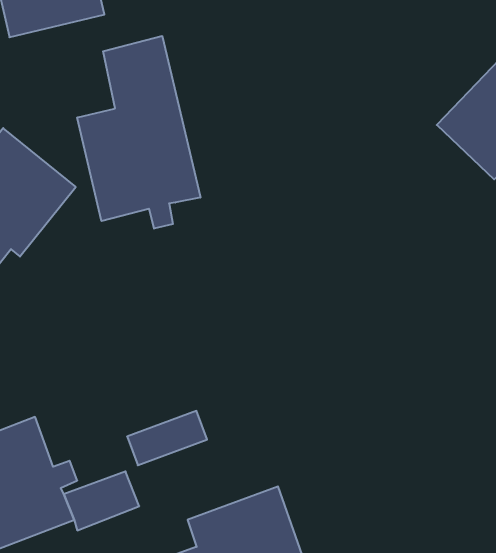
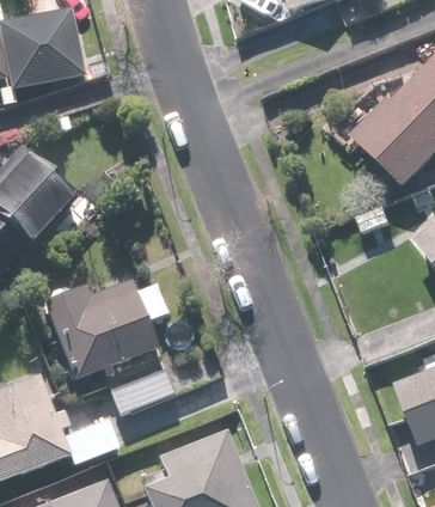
building: [77,36,200,229] -> none
building: none -> [41,280,167,380]

